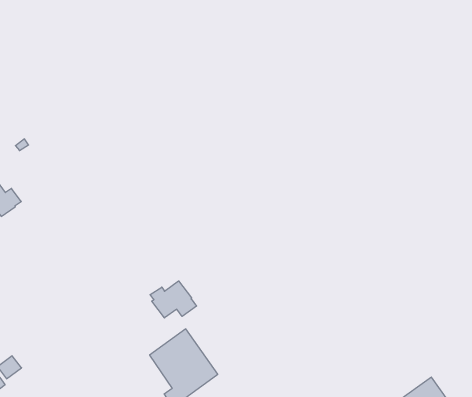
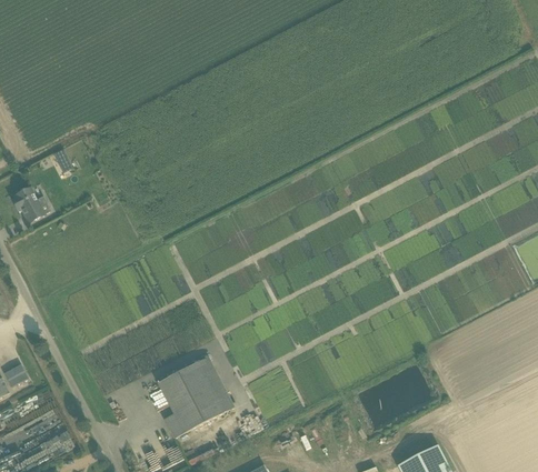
building: [150,281,197,318] -> none

